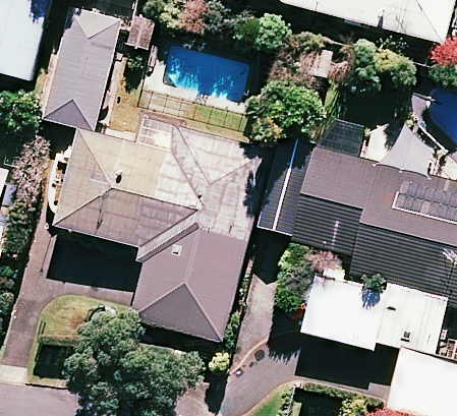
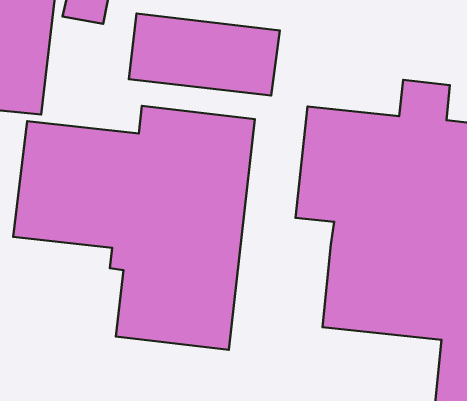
building: none -> [129,14,280,96]

